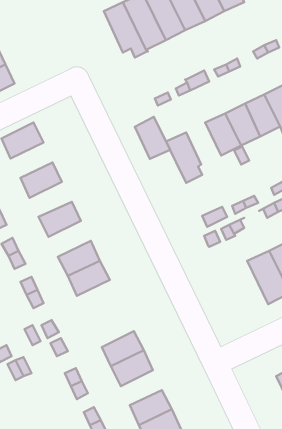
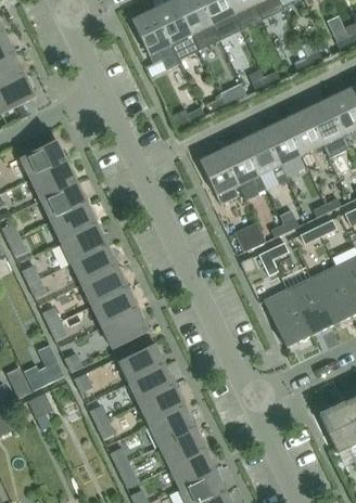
building: [135,117,170,159] -> [220,140,258,185]
building: none -> [30,162,76,199]
building: none -> [51,204,97,242]
building: none -> [72,246,117,285]
building: none -> [264,289,309,348]
building: none -> [102,310,148,349]
building: none -> [118,344,164,383]
building: none -> [150,408,194,446]

